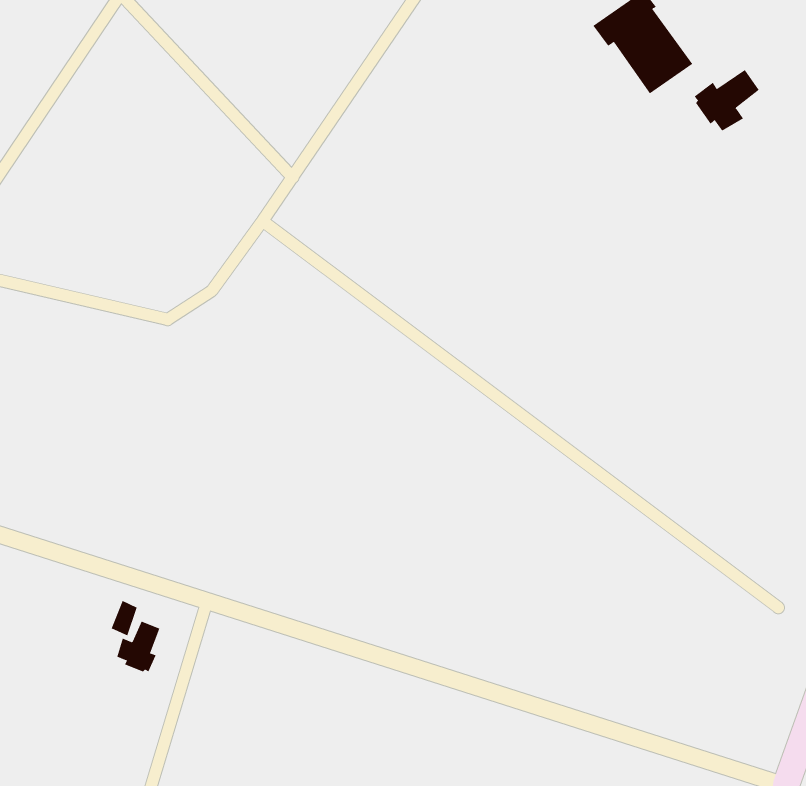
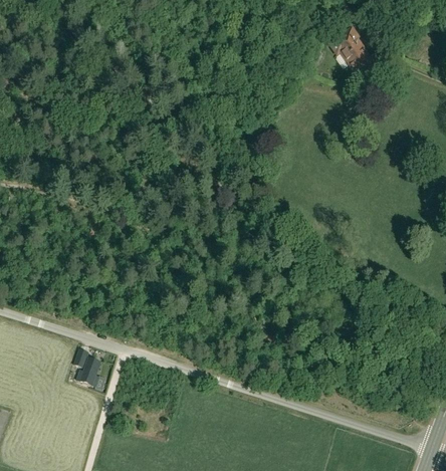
building: [694,69,760,132] -> none

